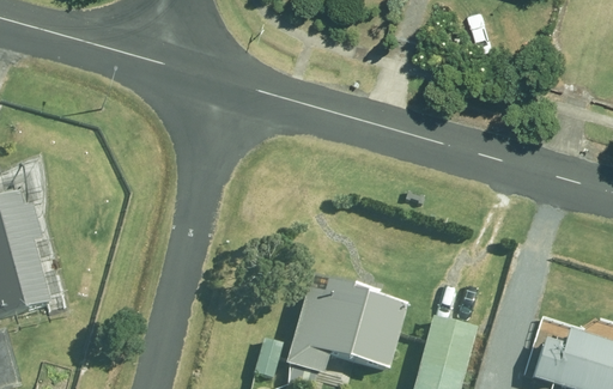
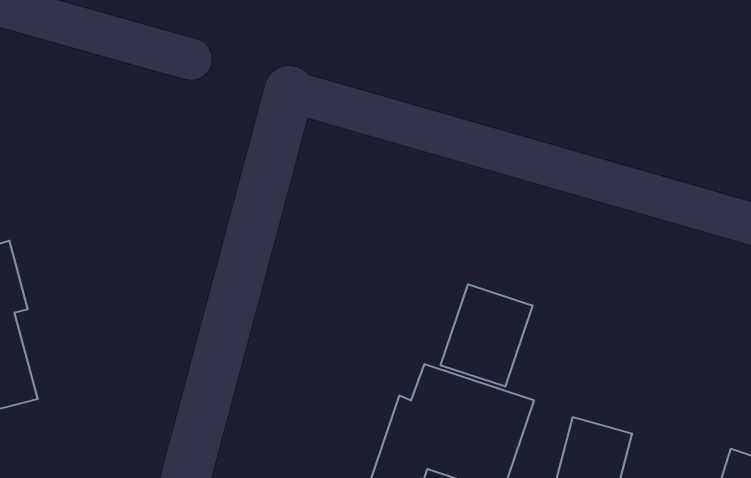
building: none -> [441,284,533,387]

